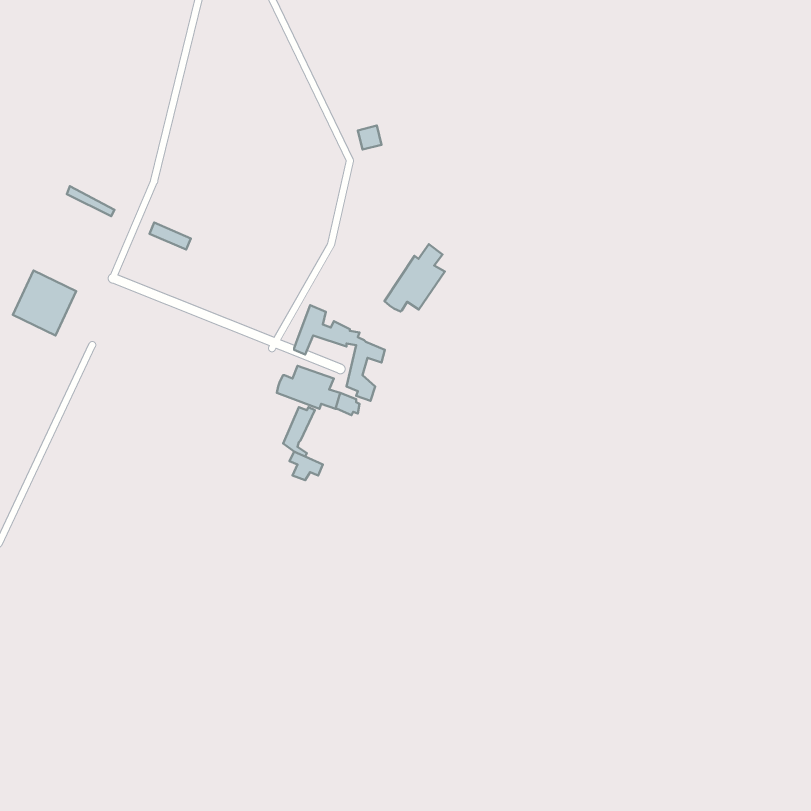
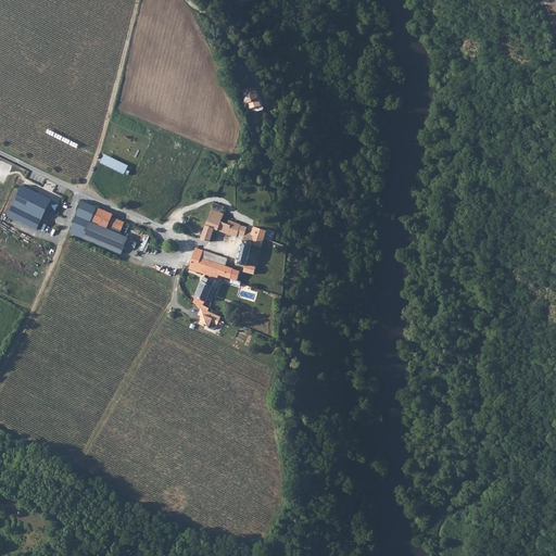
building: [384,244,445,312] -> none
building: none -> [70,200,127,253]

